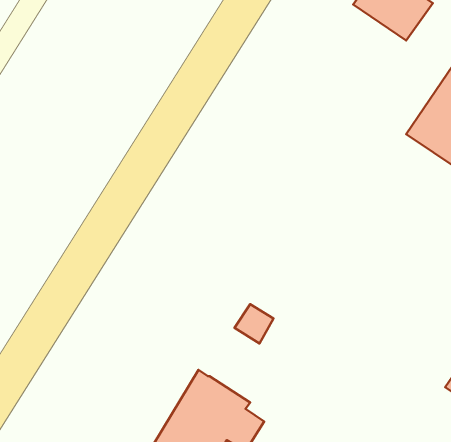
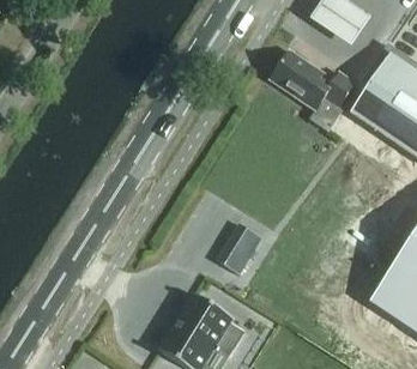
building: none -> [270,49,355,108]

